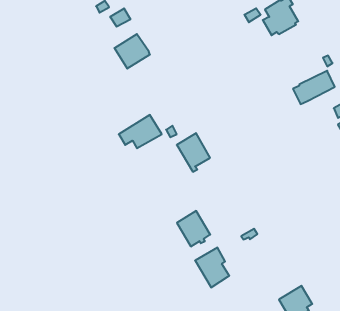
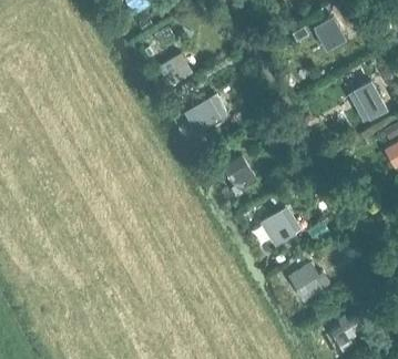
building: [119,115,162,148] -> [183,94,227,129]
building: [177,211,210,246] -> [258,212,293,248]
building: [195,248,229,287] -> [287,261,323,302]

